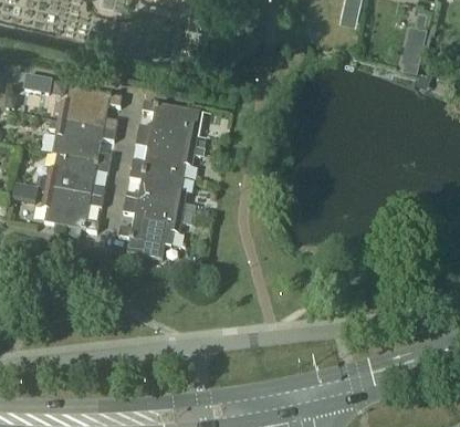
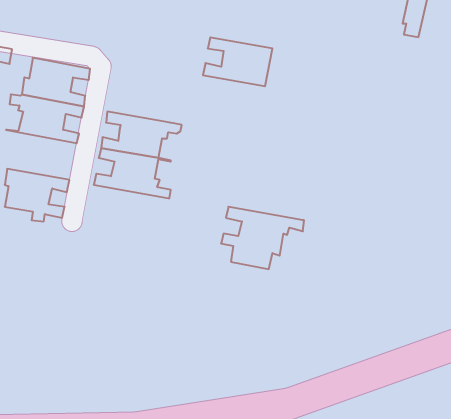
building: [136,103,199,147] -> [203,37,272,86]
building: [45,156,108,199] -> none
building: [117,204,192,260] -> [221,207,304,269]

